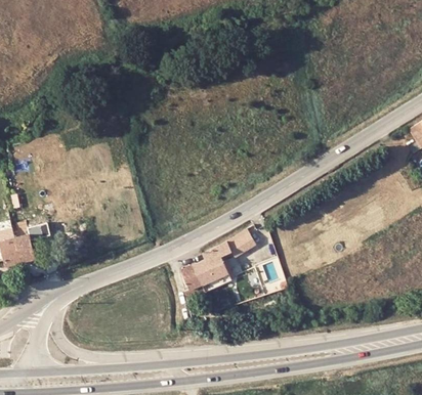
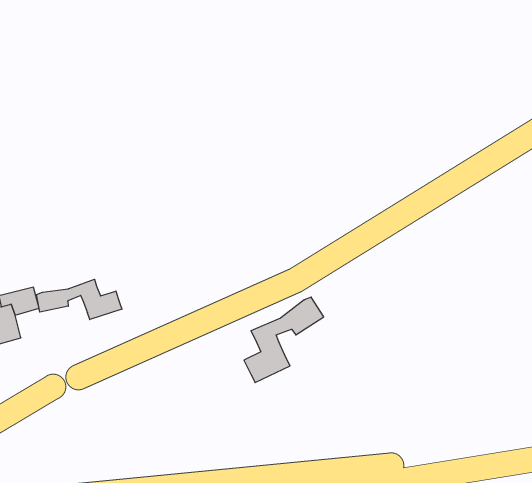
building: none -> [36,279,122,320]
building: [183,259,211,289] -> none

